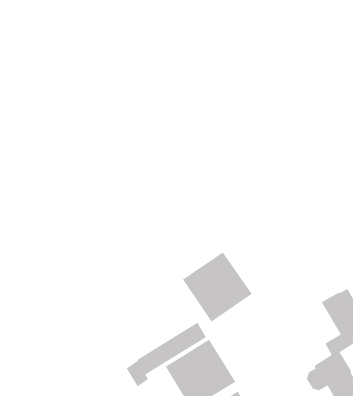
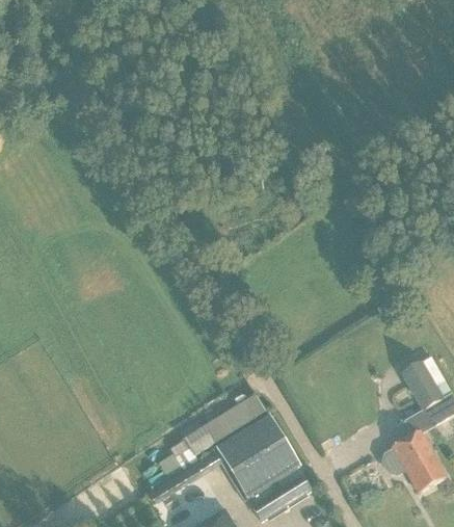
building: [182,251,253,323] -> none

